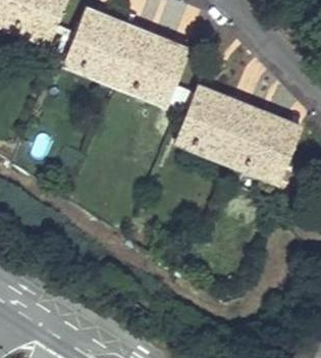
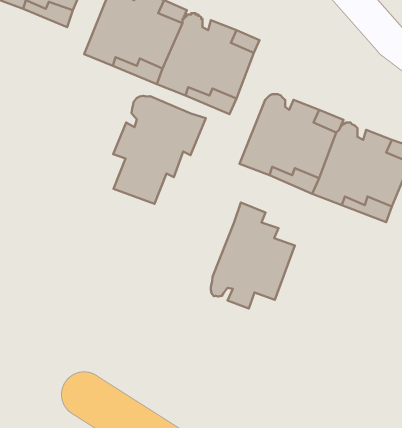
building: none -> [113,96,206,204]
building: none -> [211,202,295,309]

